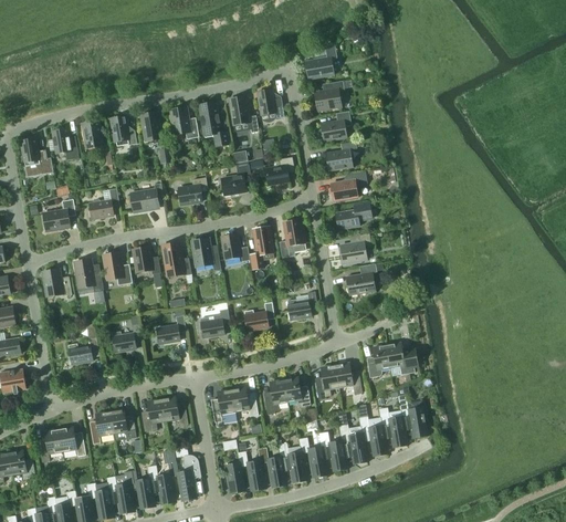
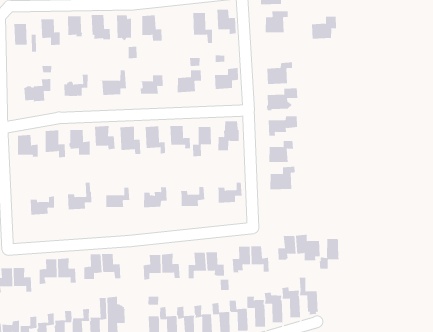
building: [198,102,228,146] -> none
building: [319,111,350,142] -> [311,16,337,39]
building: none -> [319,234,339,270]

